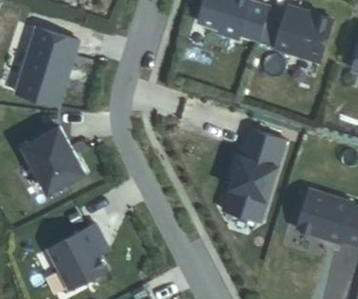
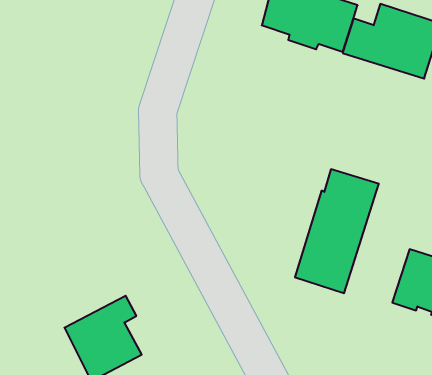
building: [14,30,78,105] -> none
building: [21,126,85,192] -> none

